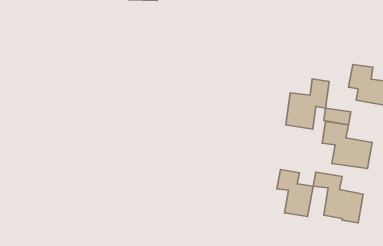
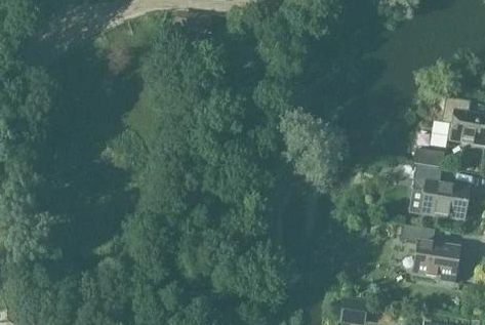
building: [286,79,329,129] -> none
building: [277,169,313,217] -> none

